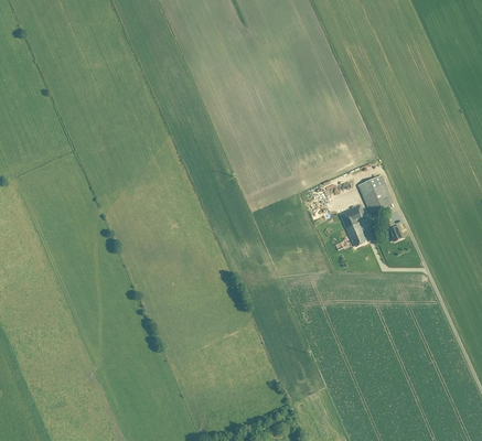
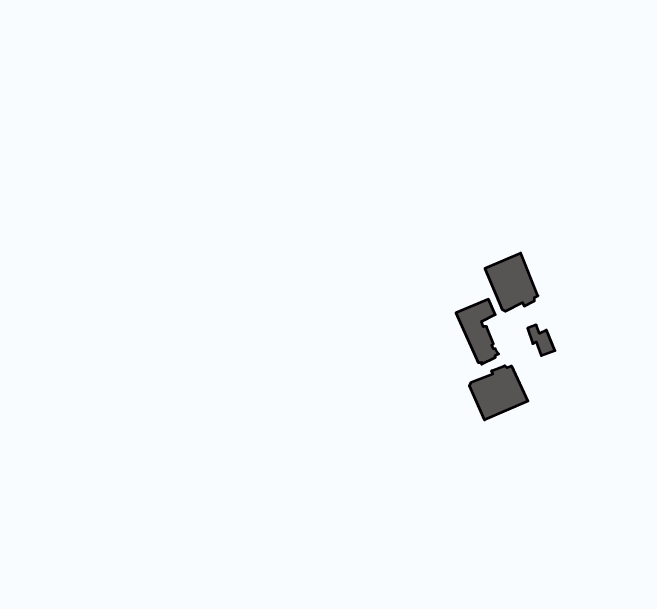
building: none -> [469,366,528,420]

